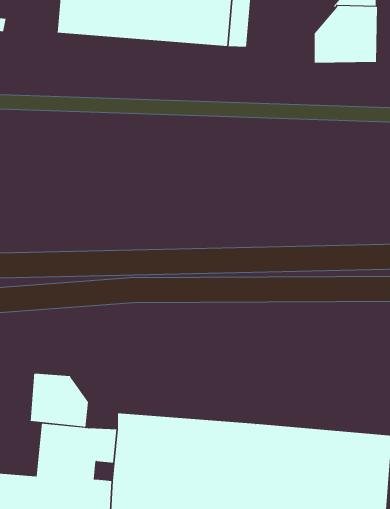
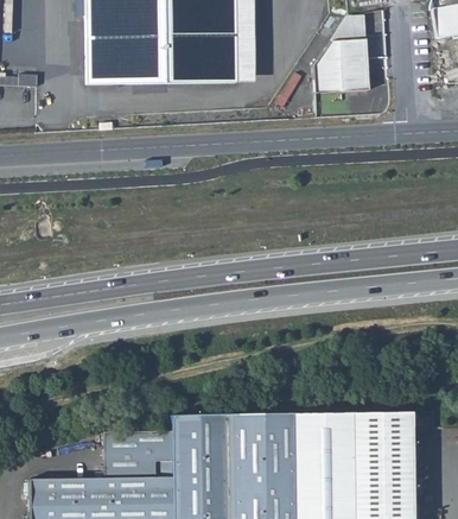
building: [30,373,88,428] -> none

